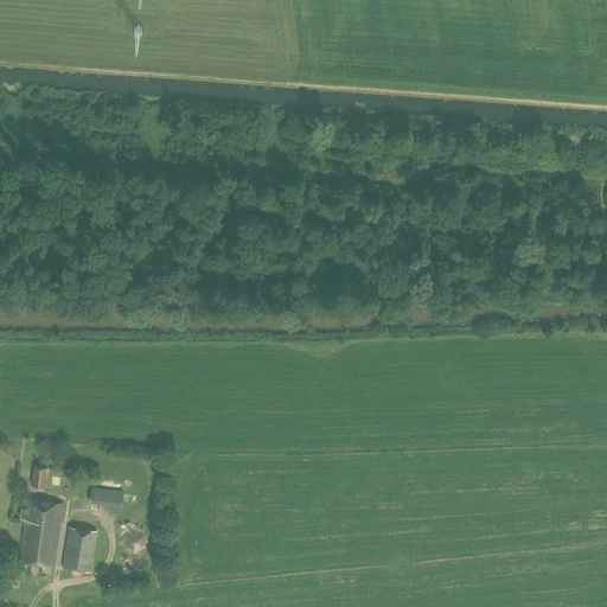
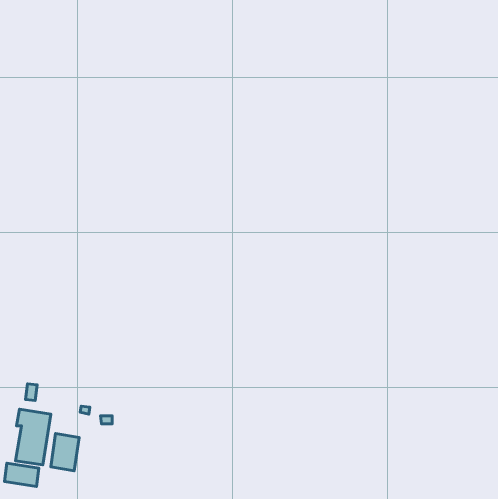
building: none -> [4,463,39,486]

